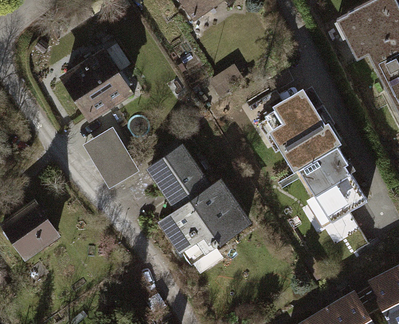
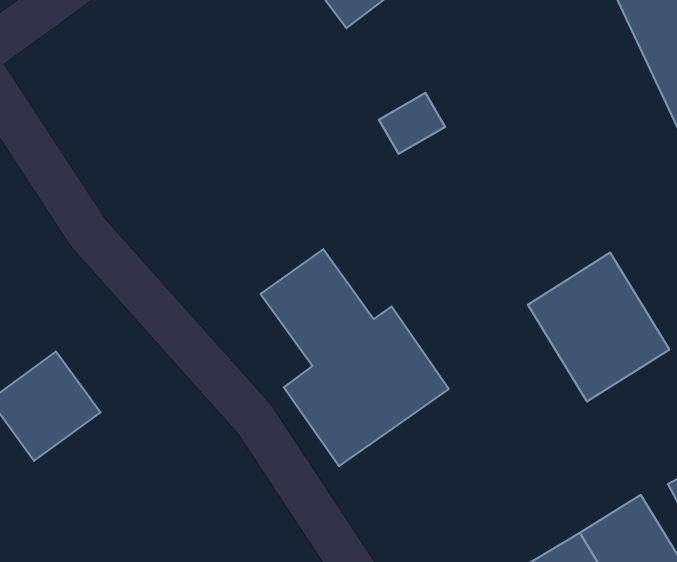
building: [54,45,129,122] -> none
building: [259,91,342,179] -> none
building: [86,124,142,185] -> none

